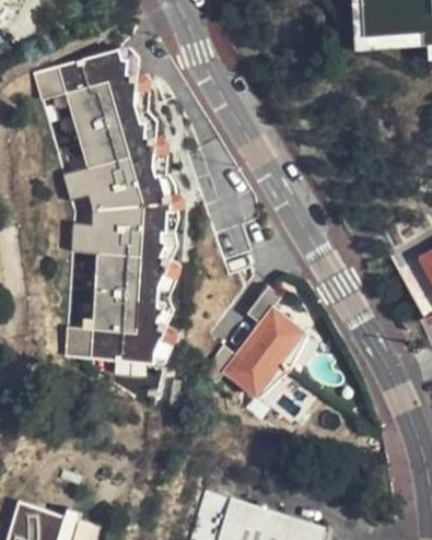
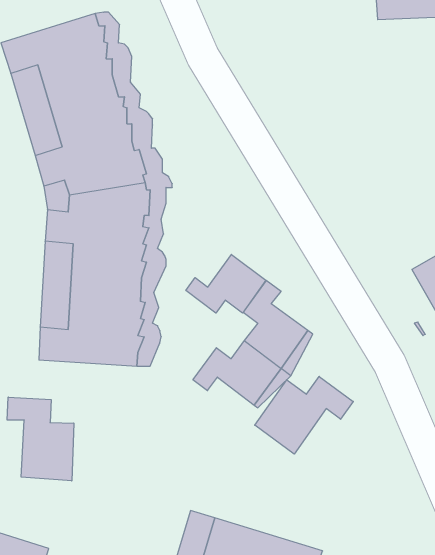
building: none -> [186,254,266,313]
building: none -> [255,376,353,454]
building: none -> [7,397,74,481]

